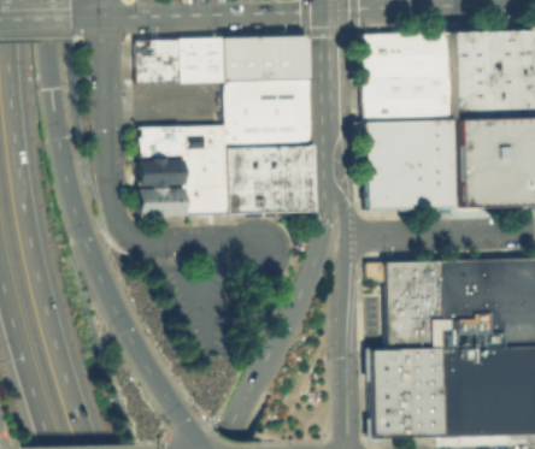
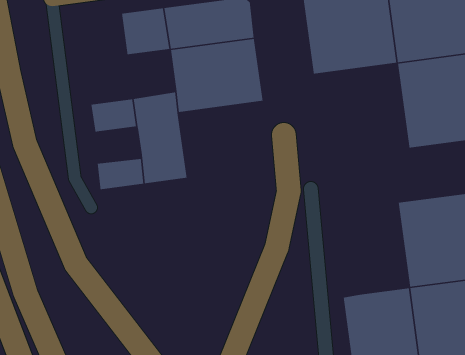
building: [135,37,180,82] -> none
building: [366,118,455,208] -> none
building: [225,142,314,212] -> none
building: [136,156,183,185] -> none
building: [369,259,441,348] -> none

